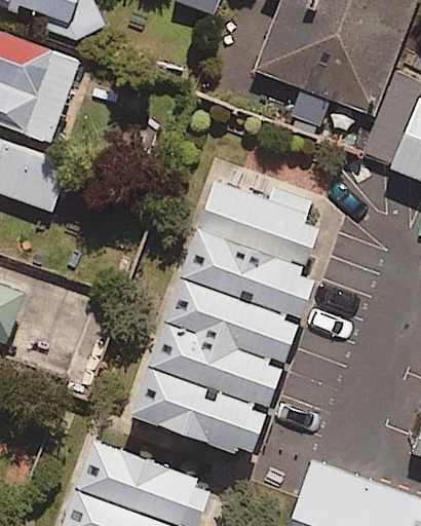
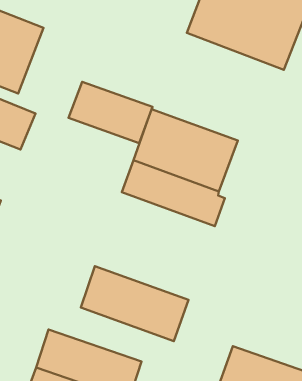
building: none -> [68,82,152,143]
building: [142,268,292,403] -> none

